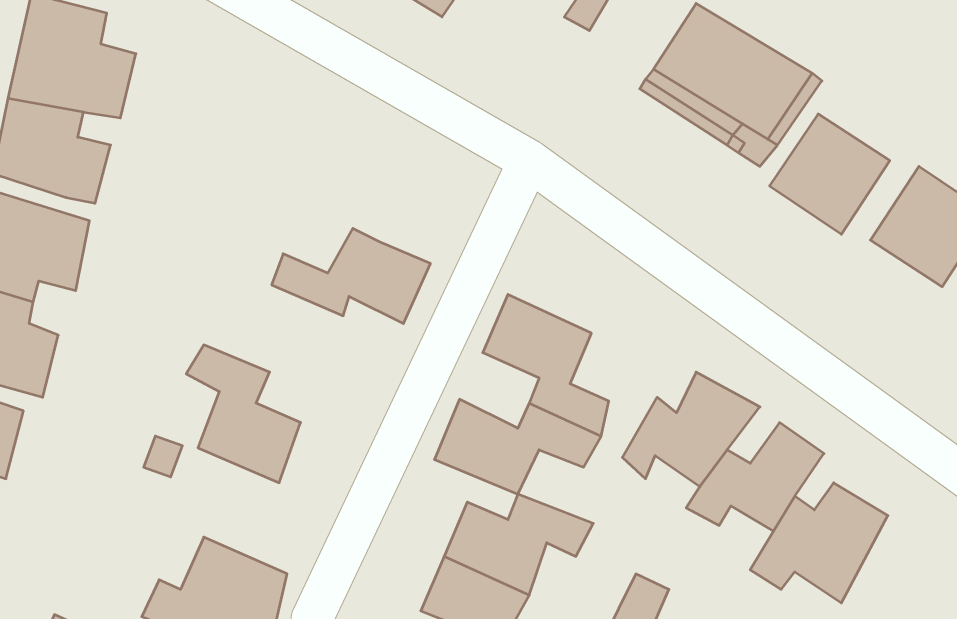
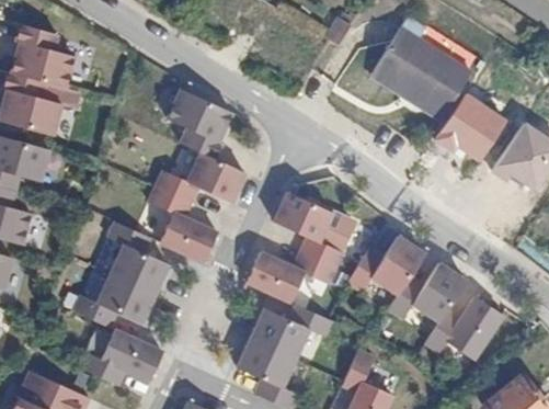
building: none -> [165,86,235,161]
building: none -> [148,185,221,266]
building: none -> [75,277,159,329]

